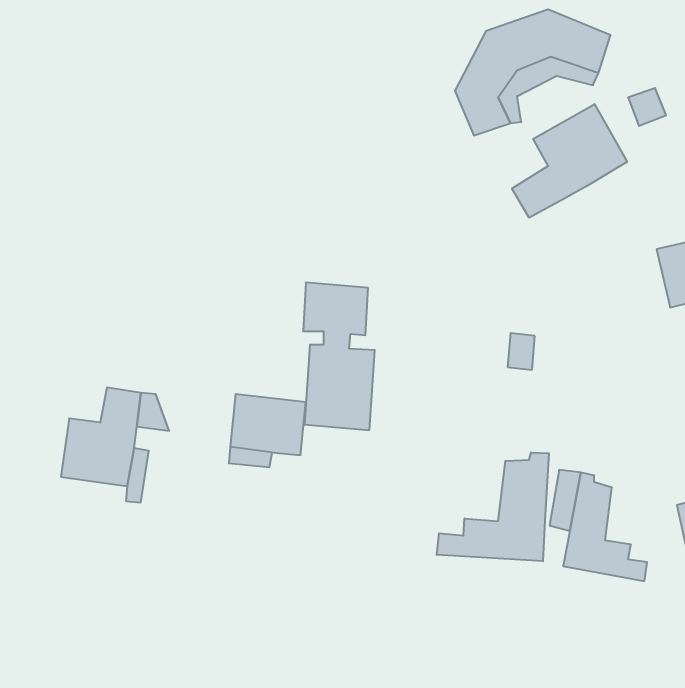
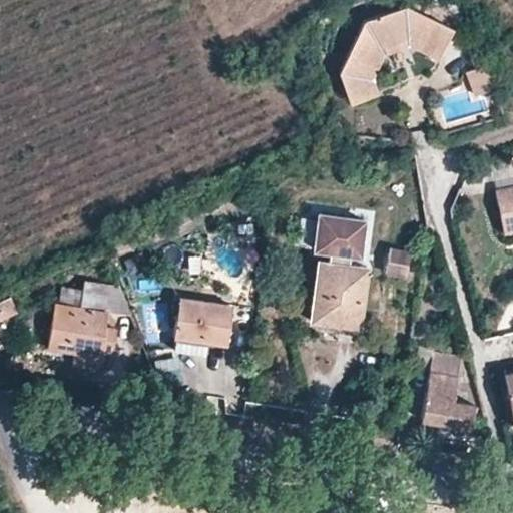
building: [512,104,627,218] -> none
building: [303,282,375,430] -> [316,215,369,325]
building: [437,452,549,561] -> none

